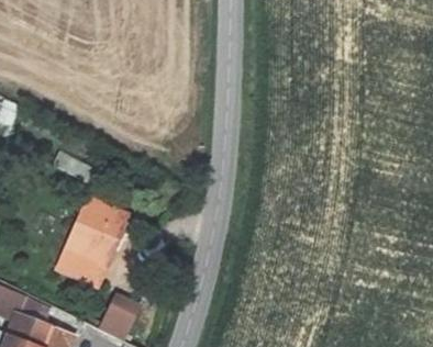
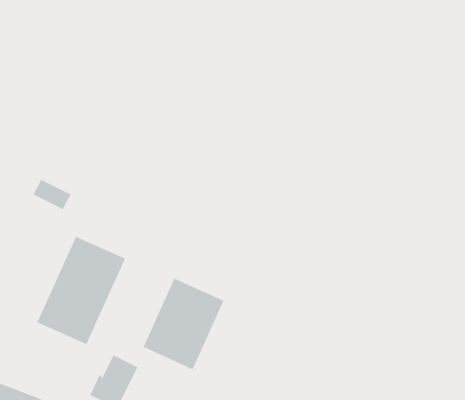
building: none -> [143,278,224,370]

